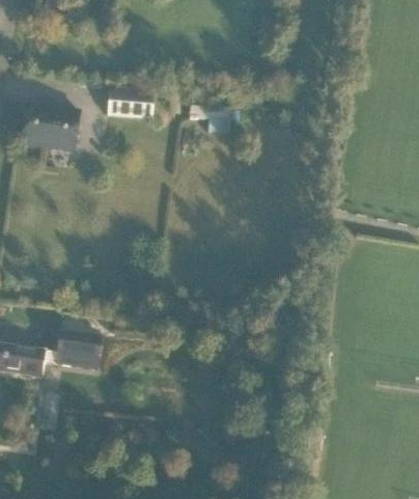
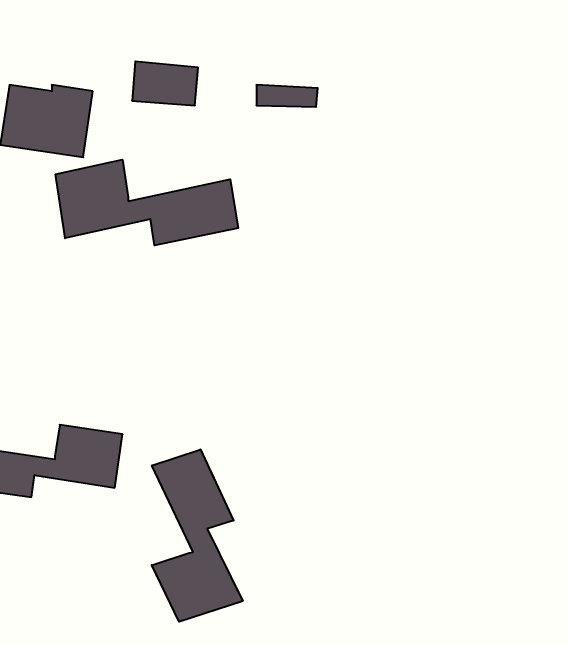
building: none -> [55,160,238,245]
building: none -> [152,449,243,622]

